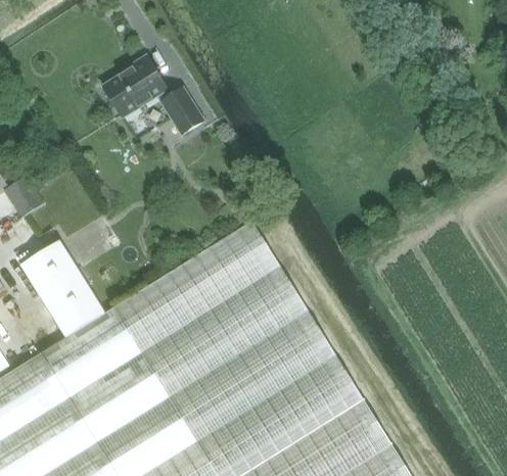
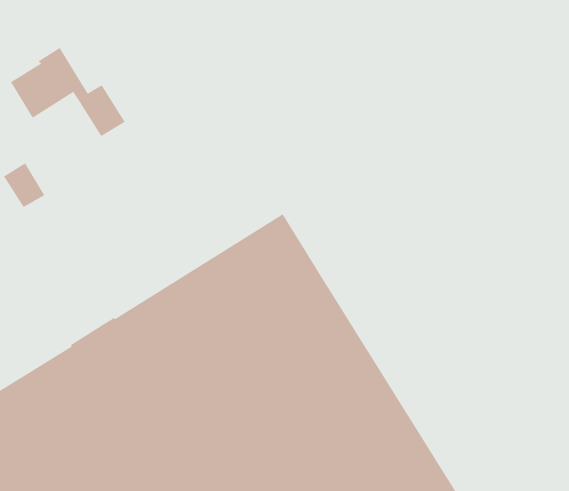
building: [103,57,204,136] -> [10,47,125,137]
building: [21,244,104,338] -> none

